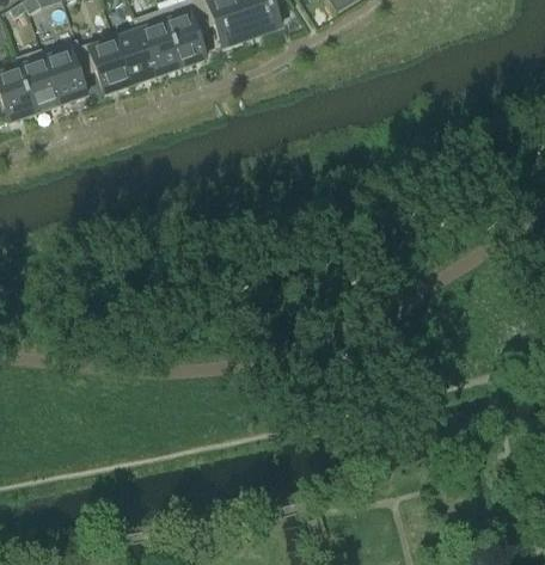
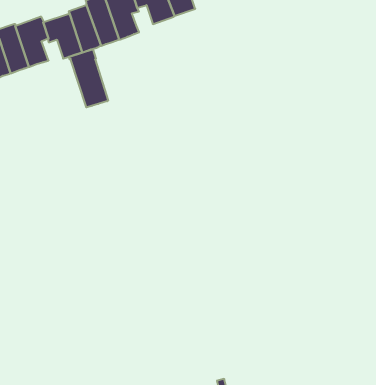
building: none -> [69,49,108,107]

